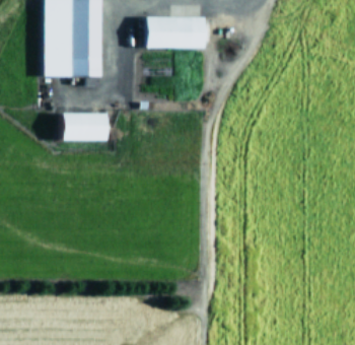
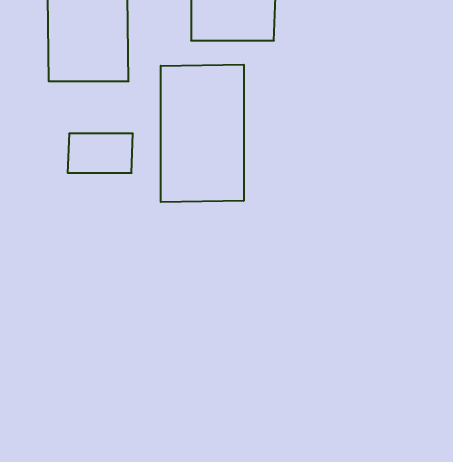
building: none -> [161,65,244,202]

